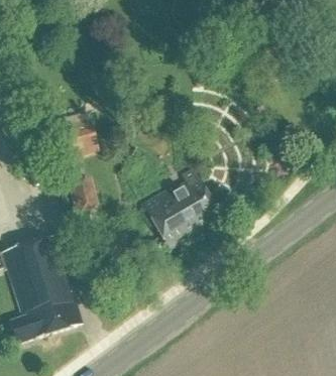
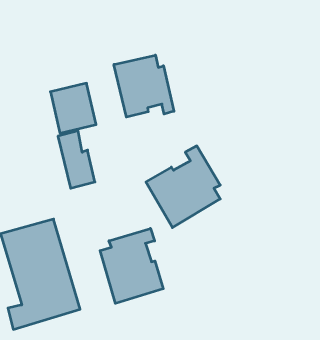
building: none -> [114,55,174,117]
building: none -> [100,228,163,303]

